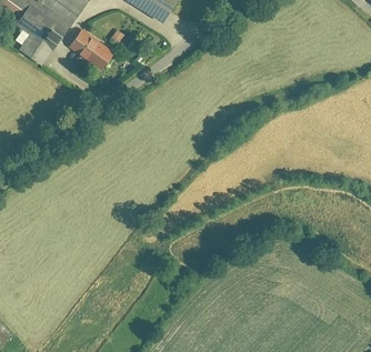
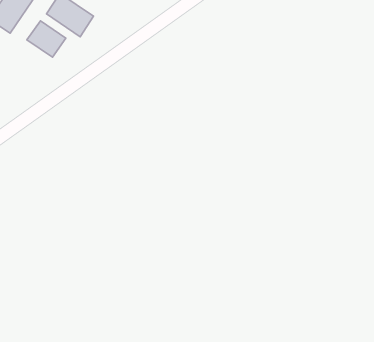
building: none -> [27,21,66,57]

